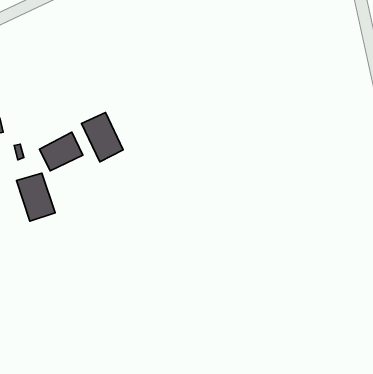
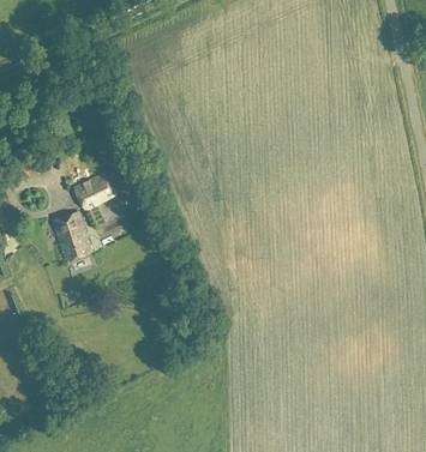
building: [81,112,123,162] -> none

